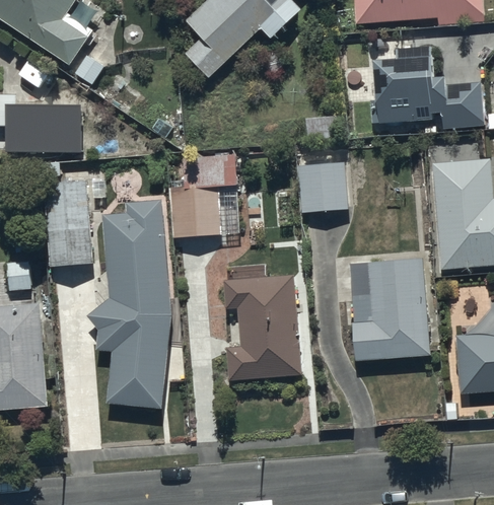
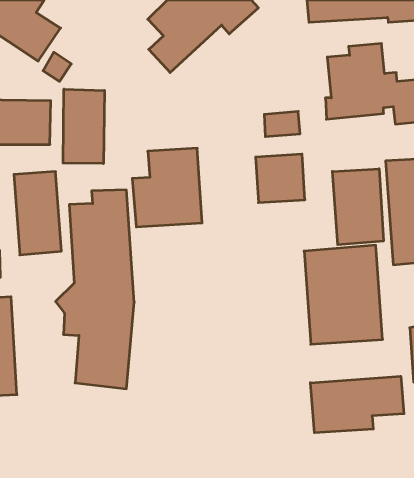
building: none -> [63,89,104,164]
building: none -> [332,169,383,245]
building: [225,274,302,380] -> none
building: none -> [310,376,404,433]

